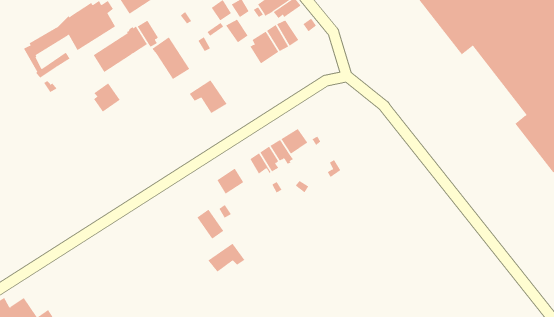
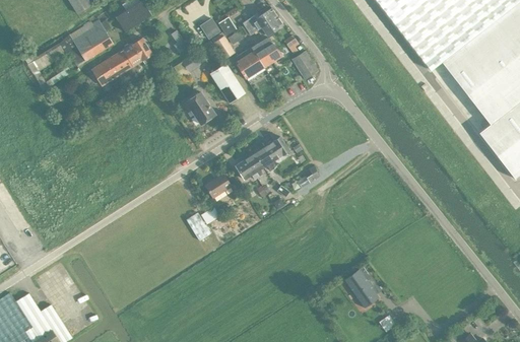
building: none -> [291,51,318,79]
building: [151,37,190,80] -> [210,64,246,104]
building: [93,82,120,112] -> none
building: [208,243,245,272] -> none
building: none -> [344,269,377,305]

